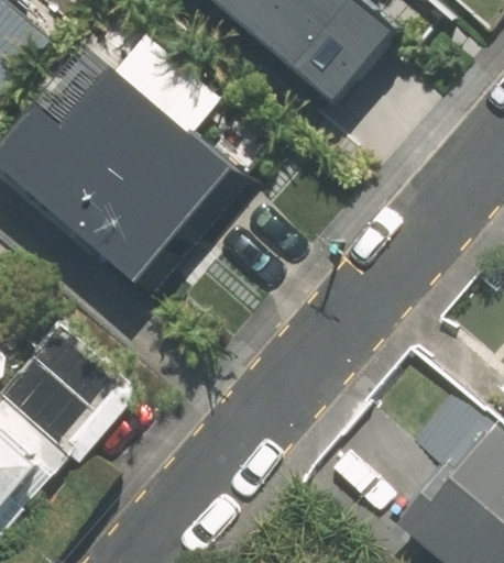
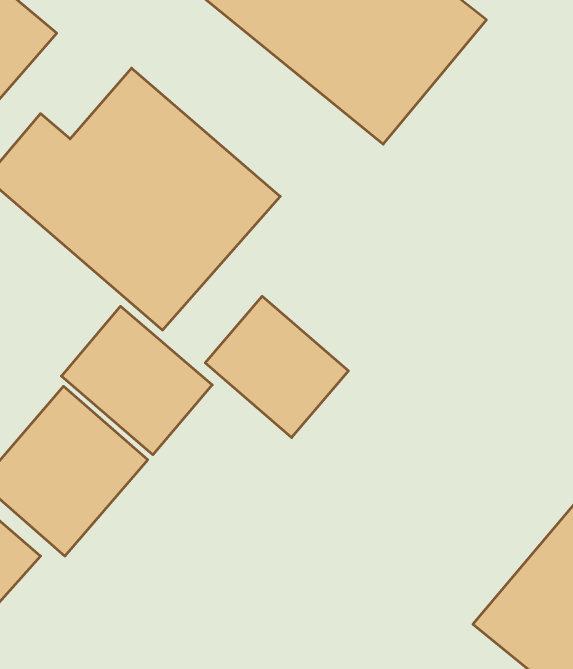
building: none -> [205,296,348,438]
building: none -> [61,306,212,455]

